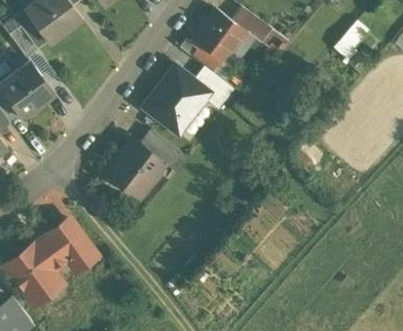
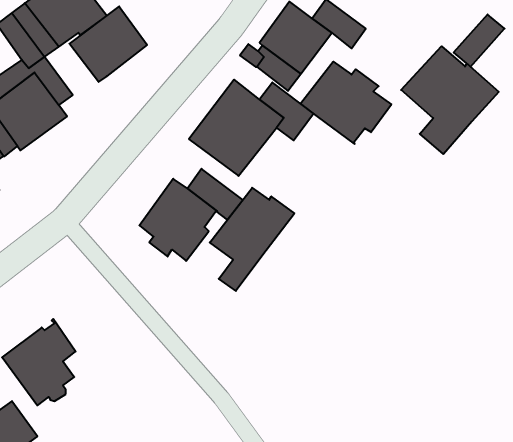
building: none -> [69,6,147,82]
building: none -> [401,46,499,154]
building: none -> [301,62,391,144]
building: none -> [210,188,294,291]
building: [44,221,96,270] -> none

